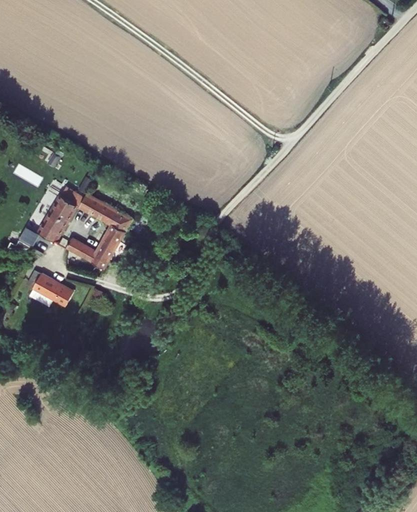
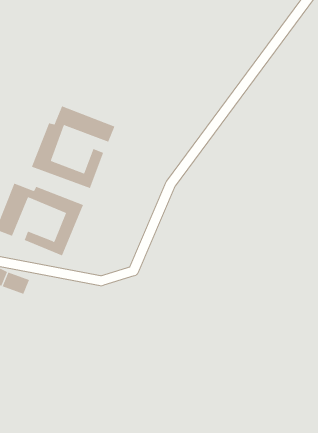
building: none -> [31,106,115,189]

